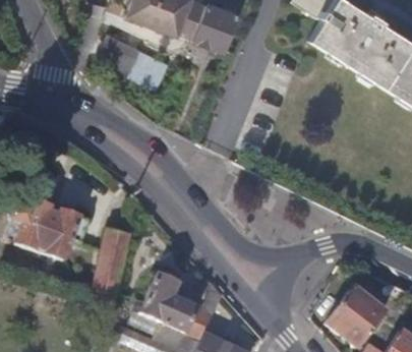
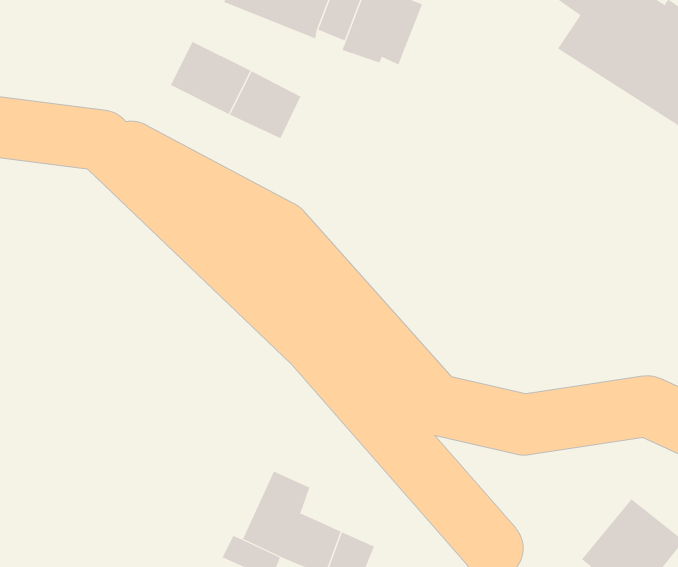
building: [11,199,90,259] -> none
building: [96,230,130,294] -> none

